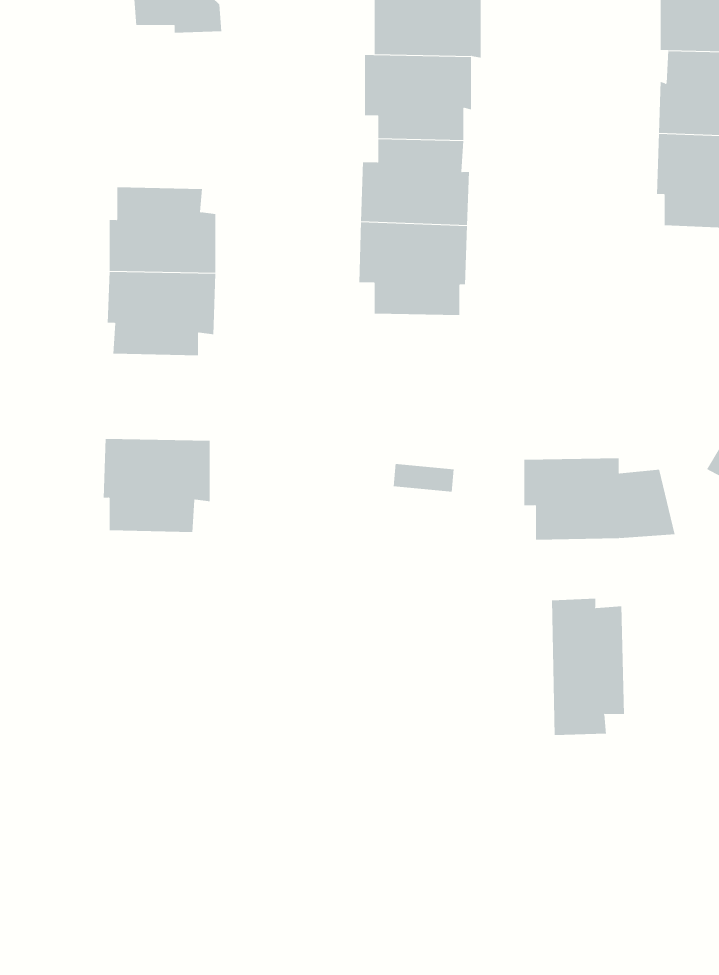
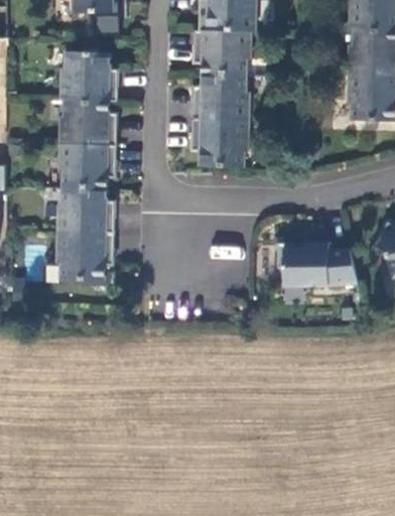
building: none -> [60,51,117,102]
building: none -> [57,187,114,233]
building: [552,598,624,736] -> none

